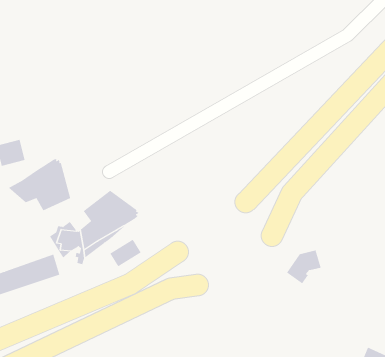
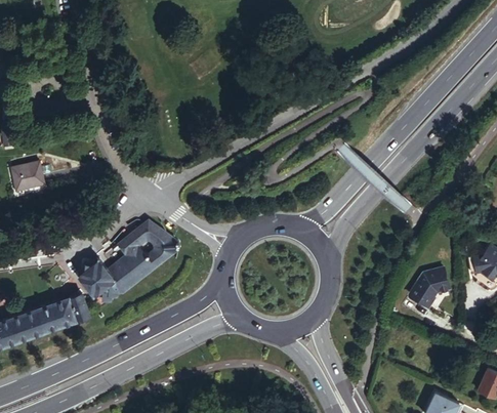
building: [8,158,71,211] -> none
building: [110,239,141,267] -> none
building: [286,250,322,284] -> [409,270,449,308]

